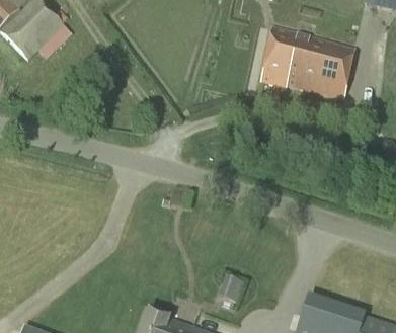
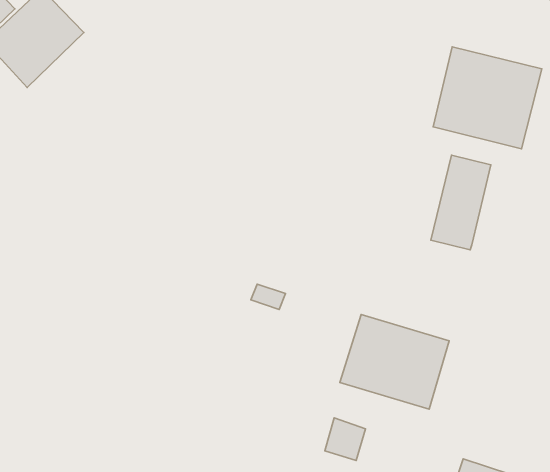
building: [261,26,300,87] -> [431,155,491,250]
building: none -> [340,315,449,409]

